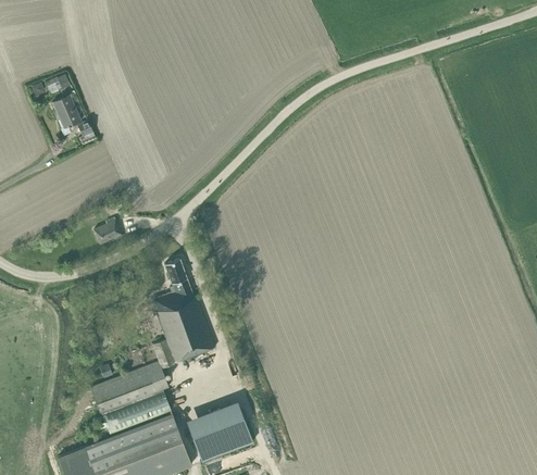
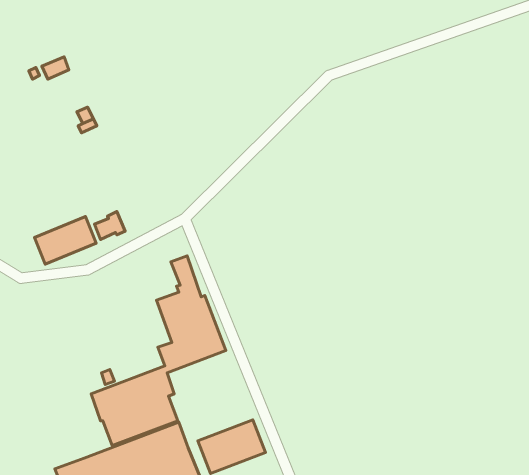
building: [52,96,80,136] -> none
building: none -> [35,217,96,264]

